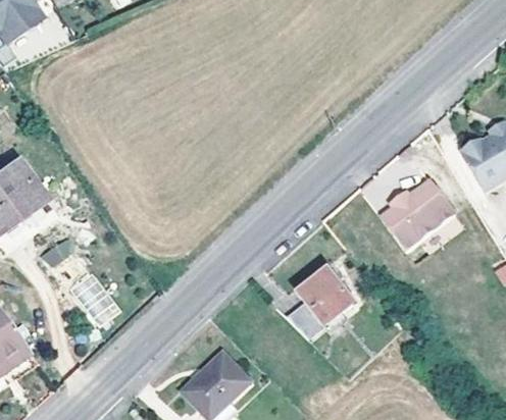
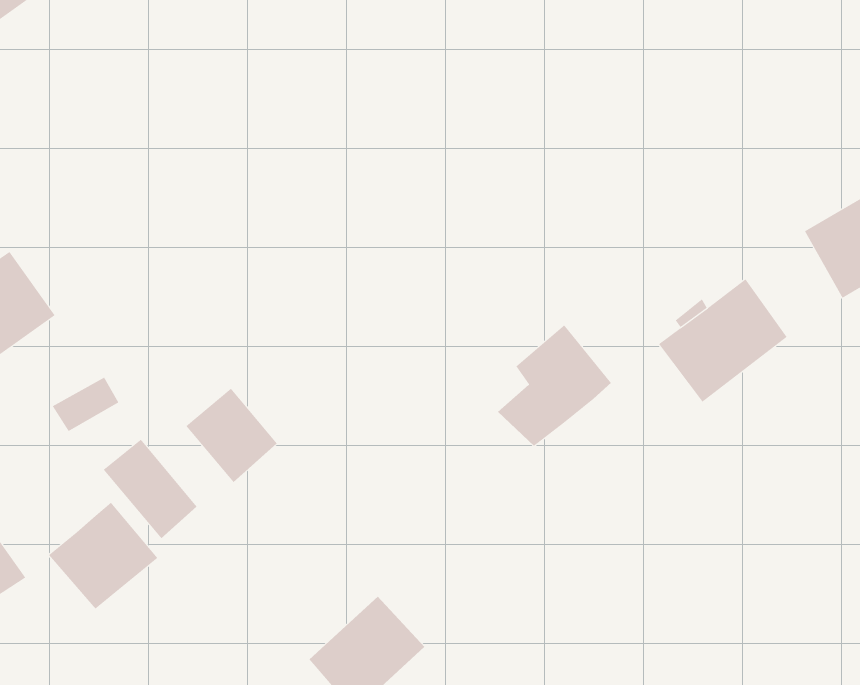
building: none -> [186,388,278,483]
building: [290,270,354,338] -> [497,324,612,447]
building: none -> [48,502,158,609]

